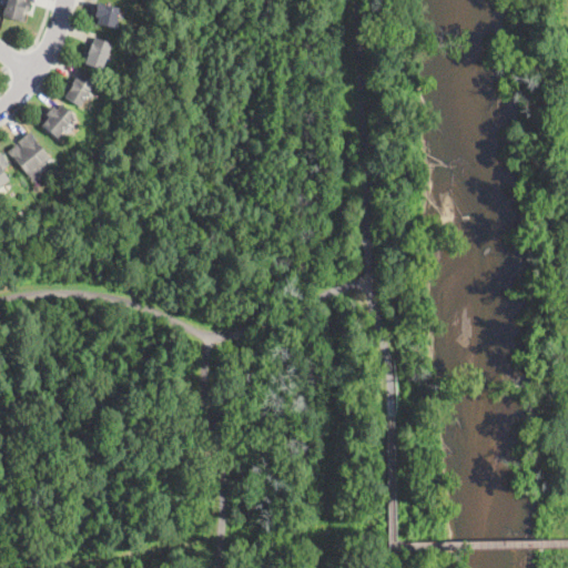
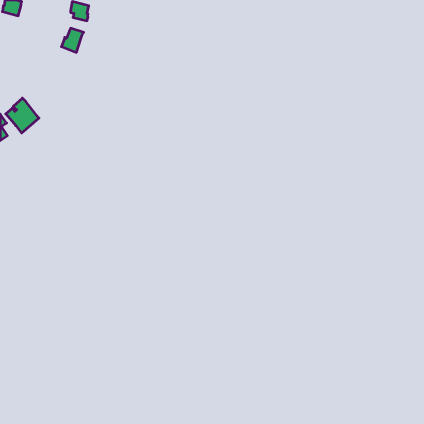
building: [65,74,94,108] -> none
building: [41,105,74,140] -> none

